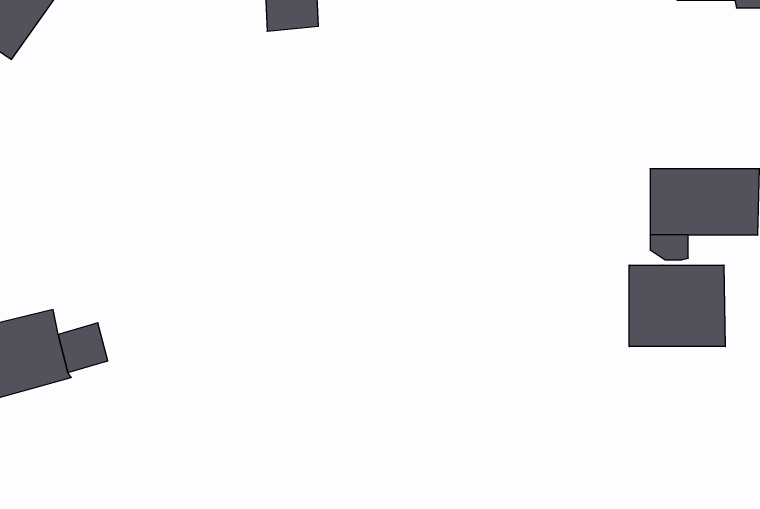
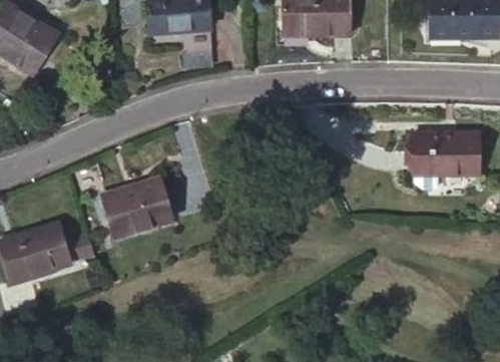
building: none -> [100,182,168,237]
building: [629,265,725,347] -> none

